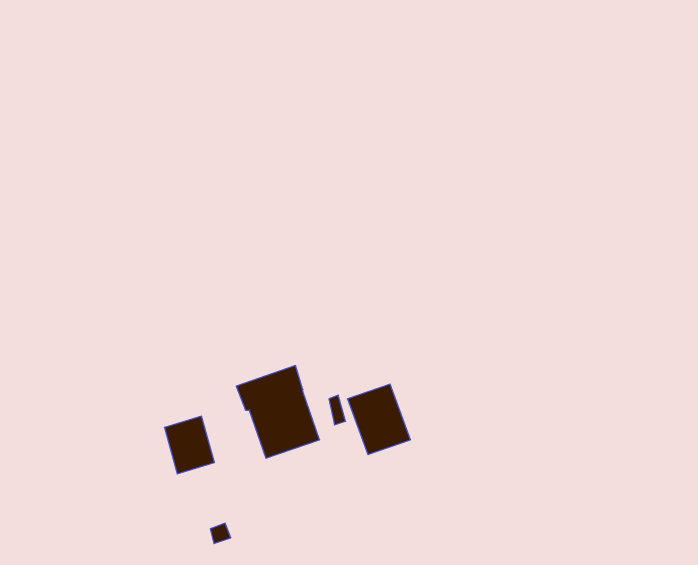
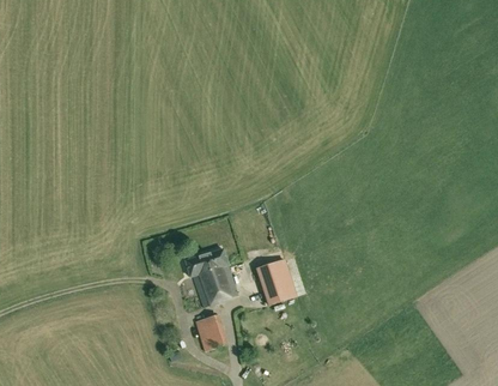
building: [164,416,214,474] -> [196,314,229,351]

